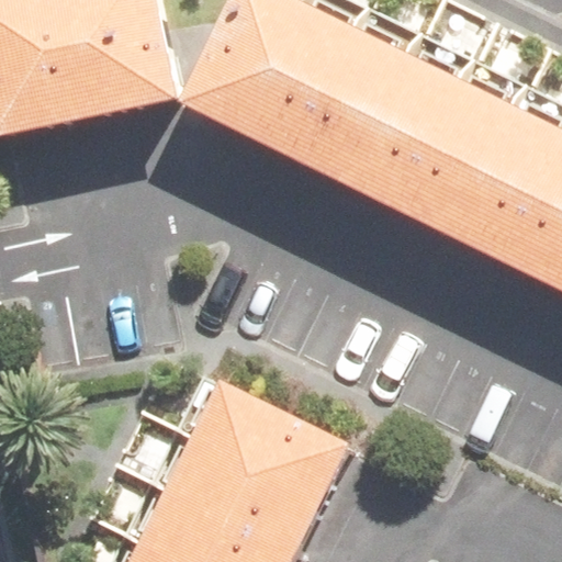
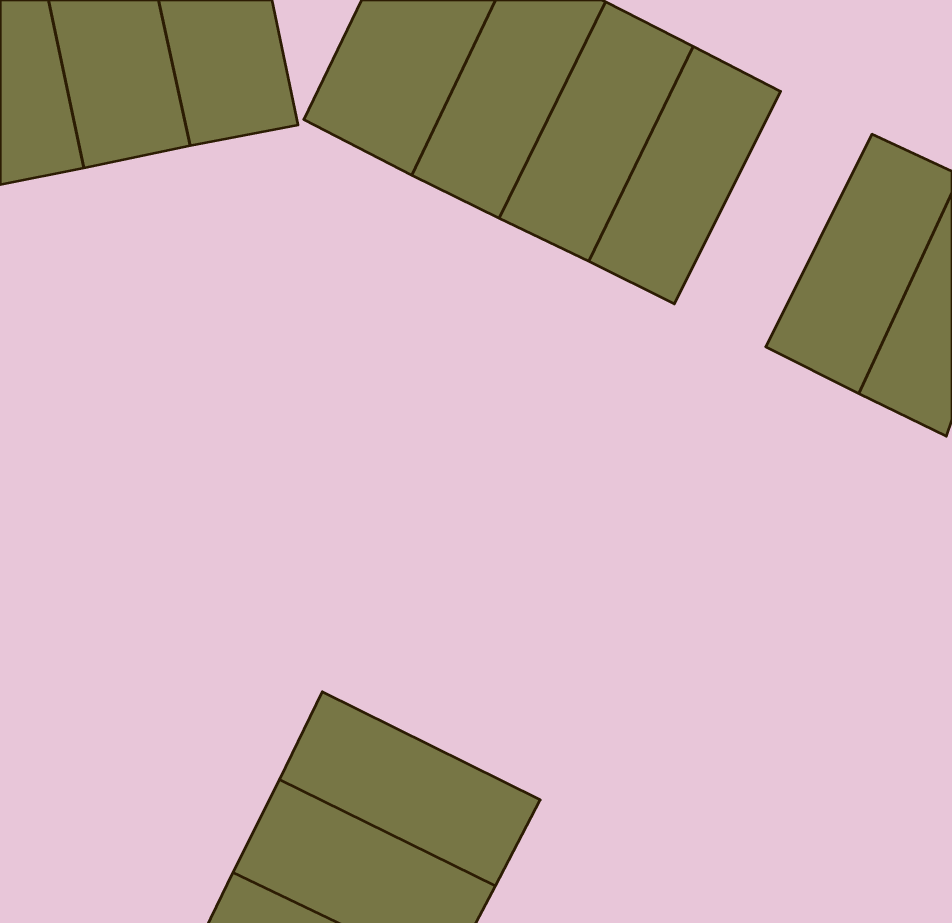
building: [397,71,514,222] -> none
building: [190,367,347,488] -> none

